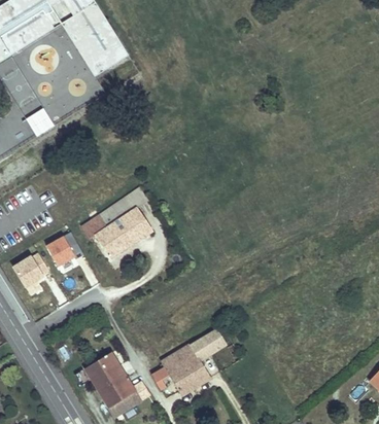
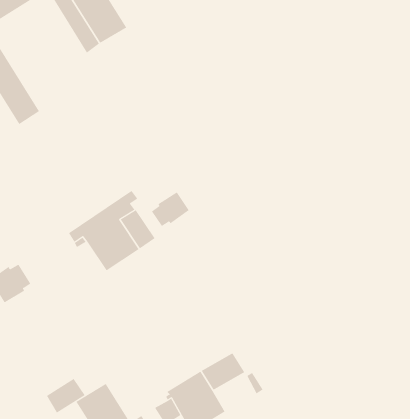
building: none -> [151,192,189,227]
building: [46,233,83,267] -> none
building: none -> [46,378,85,413]

